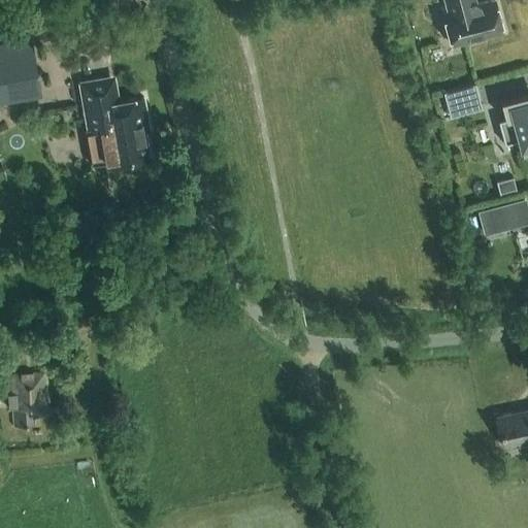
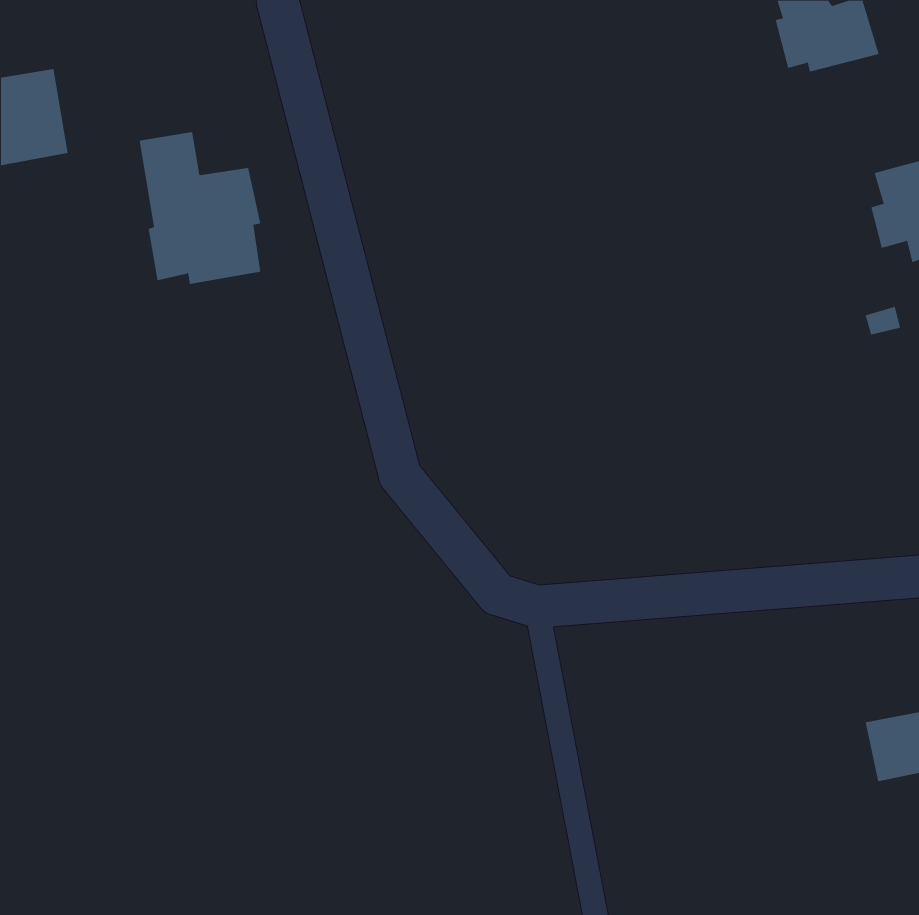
building: [444,85,482,118] -> none
building: [478,204,515,235] -> none
building: [14,374,50,427] -> none

